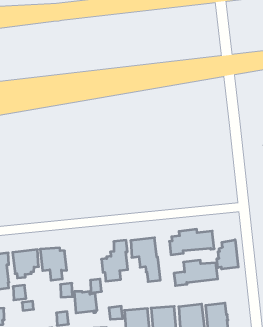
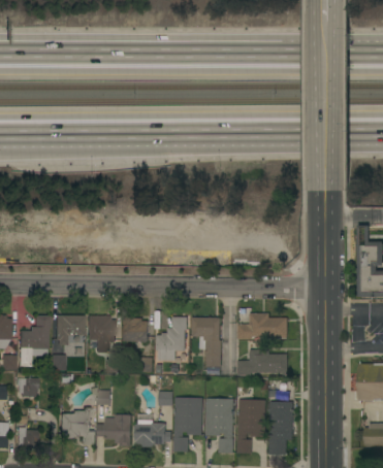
building: [217,240,238,269] -> none
building: [74,292,97,313] -> [123,316,148,343]

